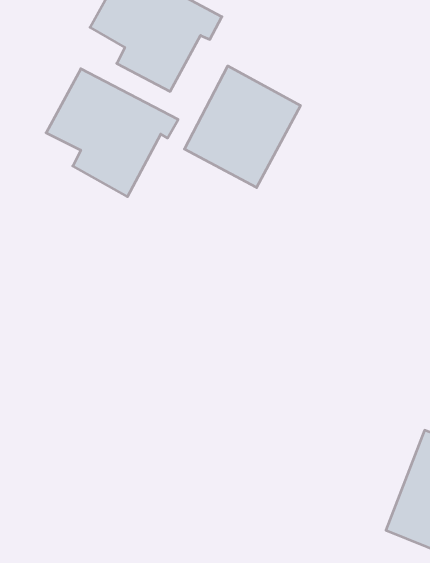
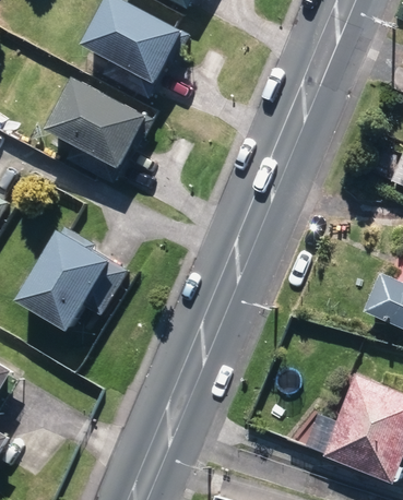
building: [184,66,300,188] -> none
building: none -> [19,227,127,332]

